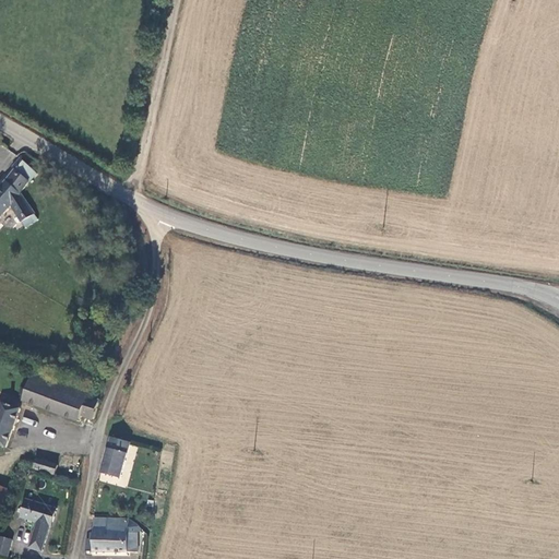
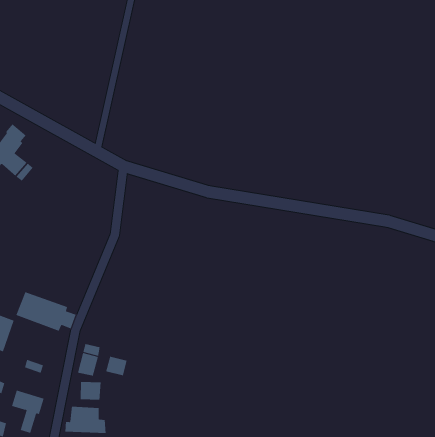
building: none -> [105,356,127,376]
building: none -> [80,381,101,401]

